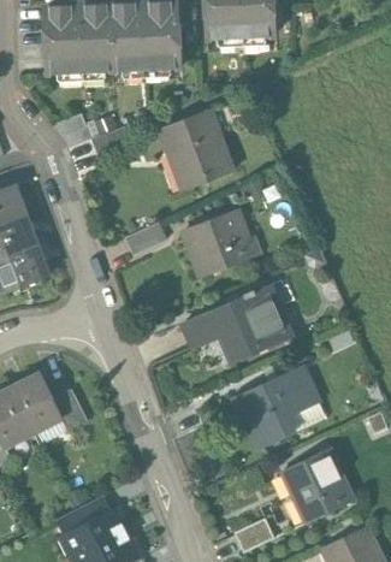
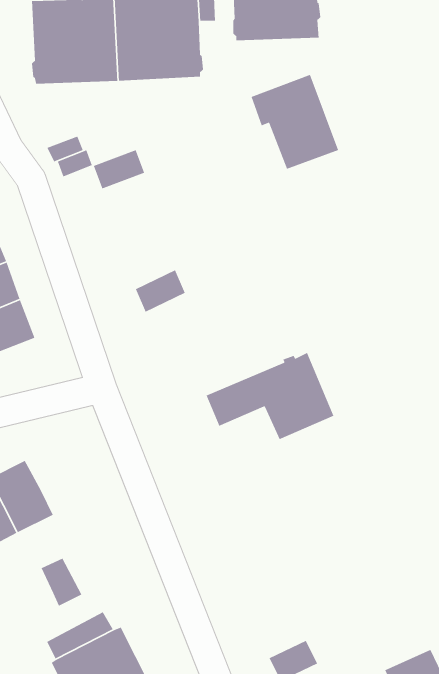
building: [162,111,233,188] -> [251,74,339,170]
building: [184,211,255,277] -> none
building: [231,366,318,451] -> none
building: [52,390,85,430] -> [40,557,82,607]
building: [282,449,350,519] -> none

